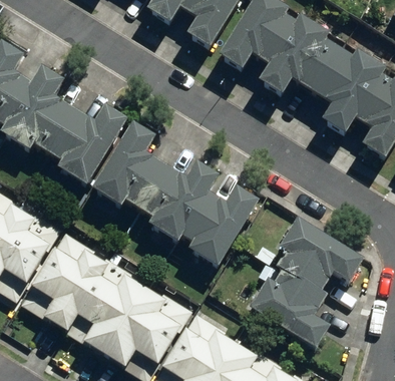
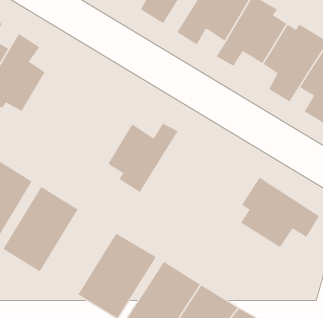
building: [48,106,125,182] -> none
building: [95,121,165,206] -> none
building: [179,185,257,262] -> none
building: [67,255,148,346] -> none
building: [254,271,334,347] -> none

